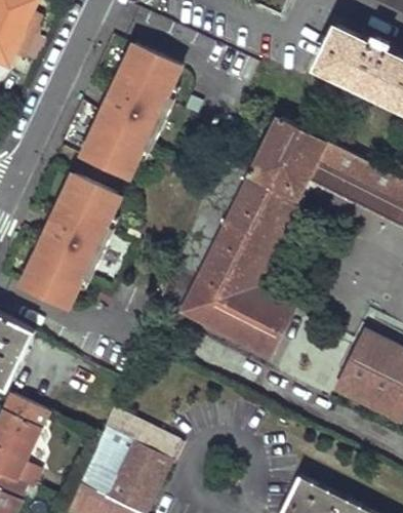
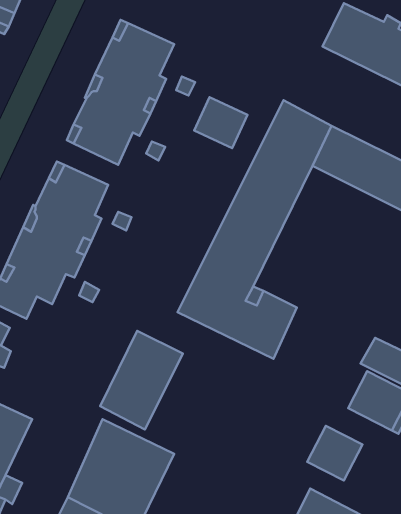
building: none -> [194,97,248,148]
building: none -> [100,331,183,430]
building: none -> [307,426,362,480]

